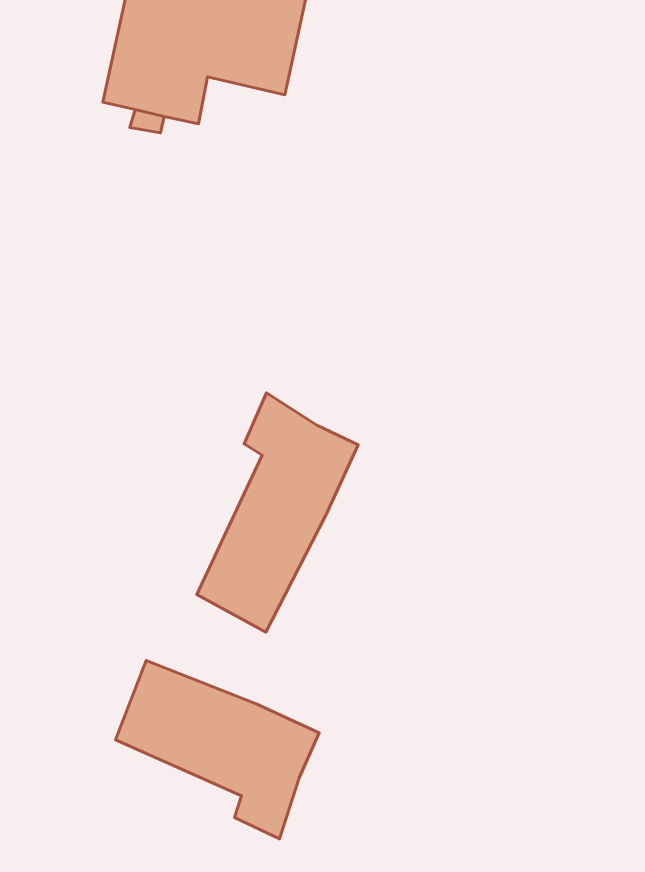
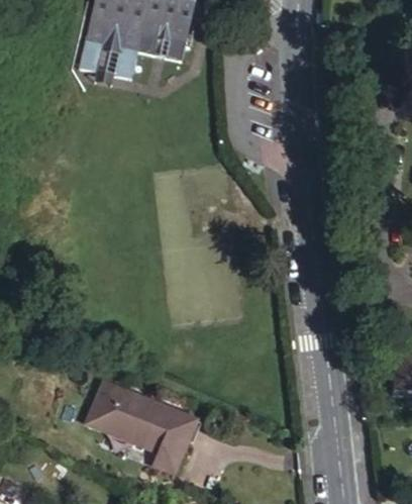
building: [197,393,358,632] -> none

